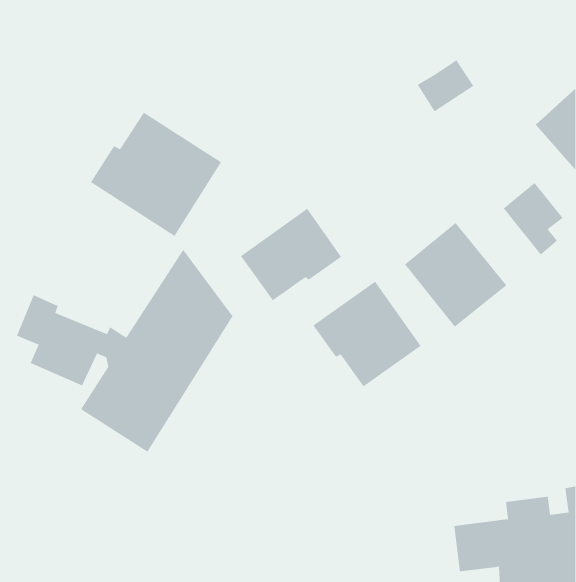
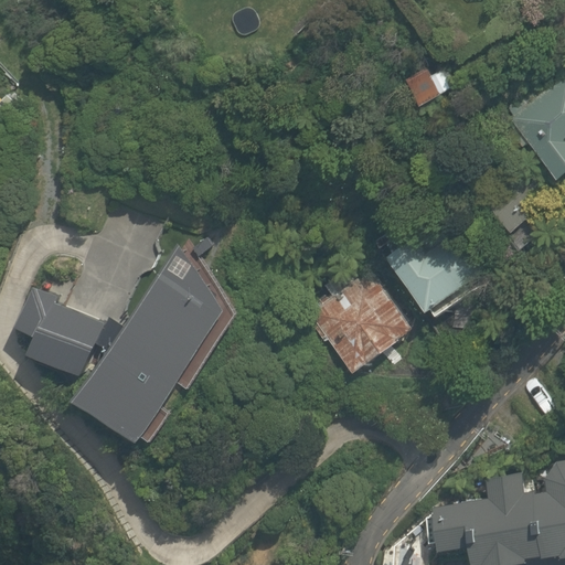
building: [90,112,222,237] -> none
building: [240,208,342,301] -> none

